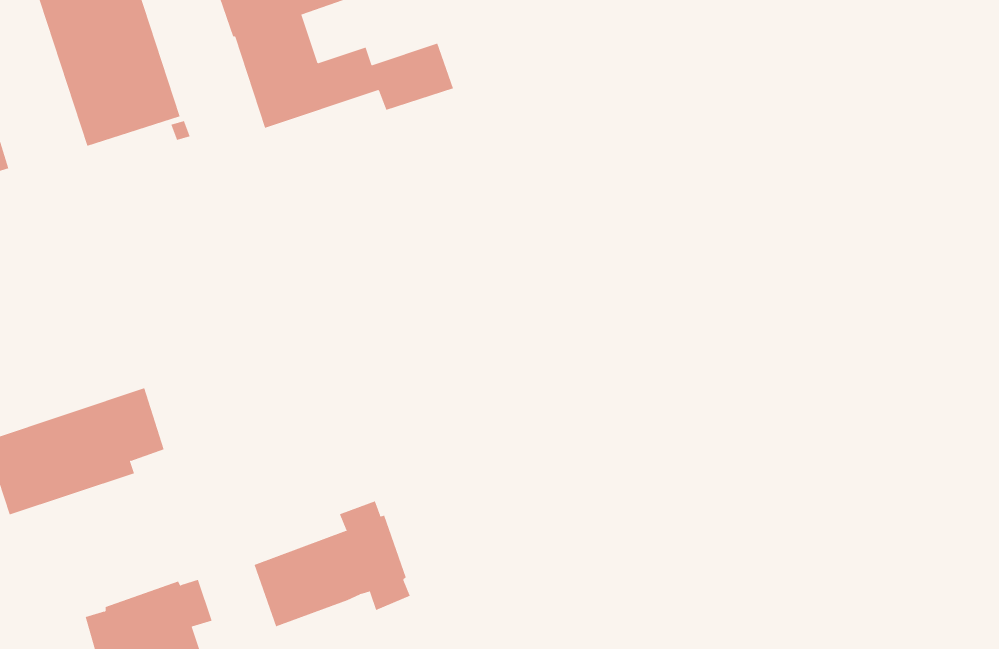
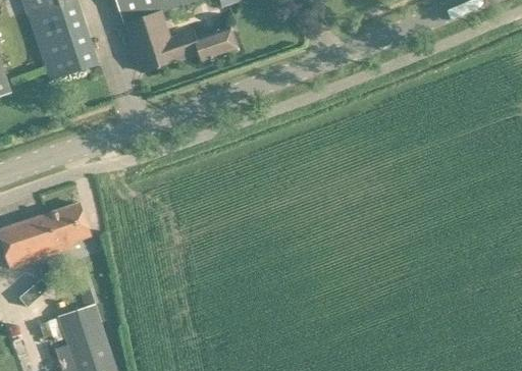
building: [254,501,411,627] -> none

